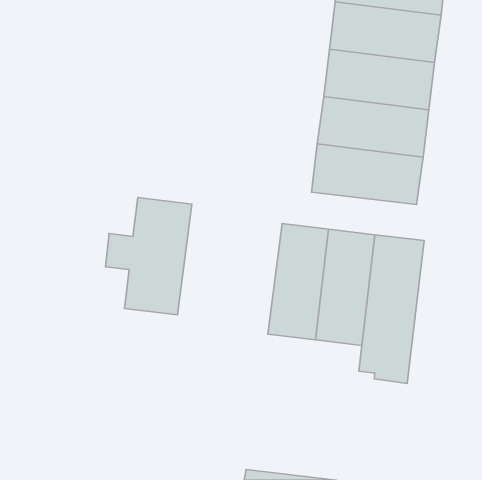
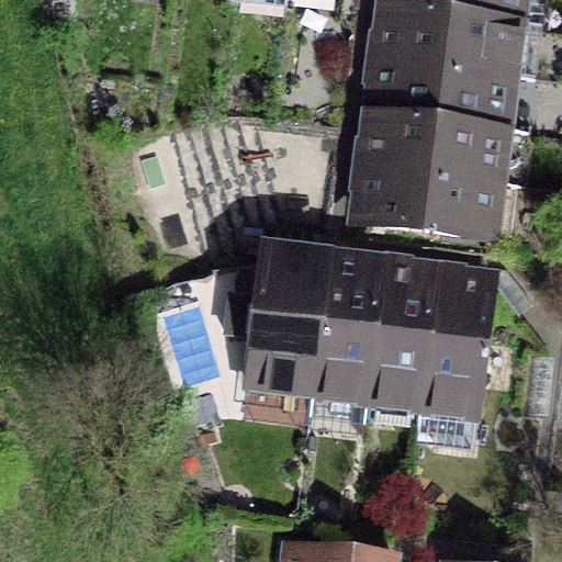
building: [105,198,192,315] -> [229,251,329,387]

